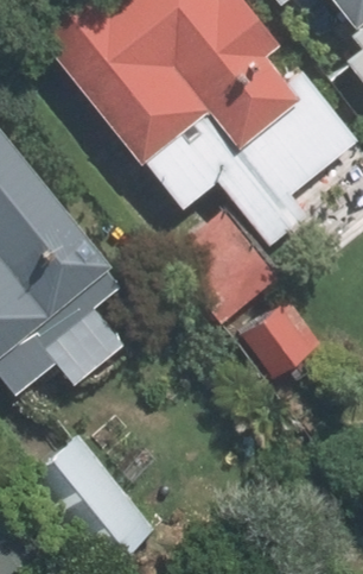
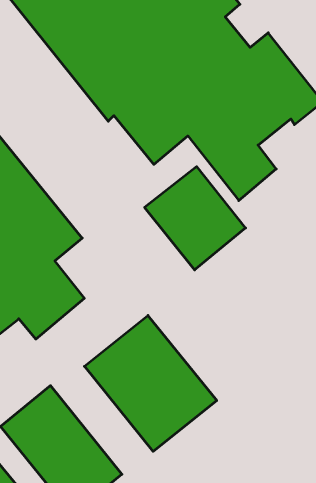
building: none -> [84,315,217,451]

